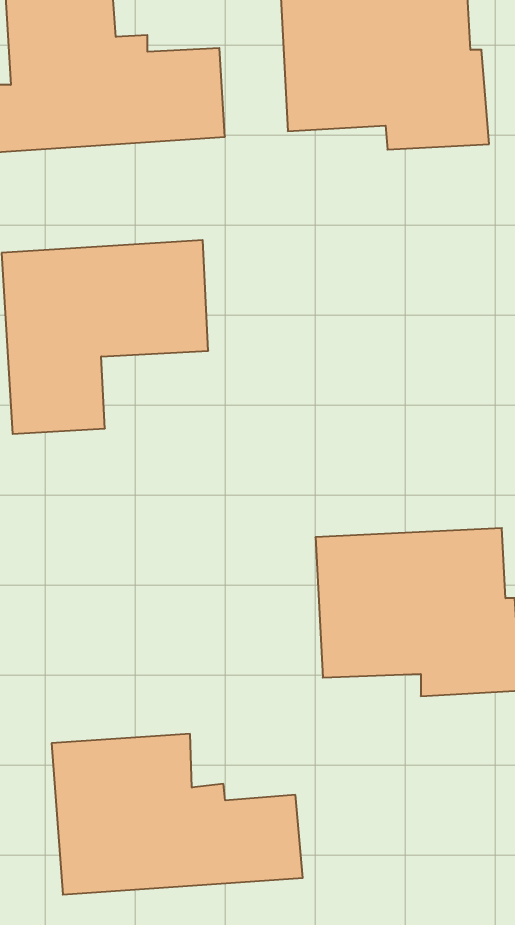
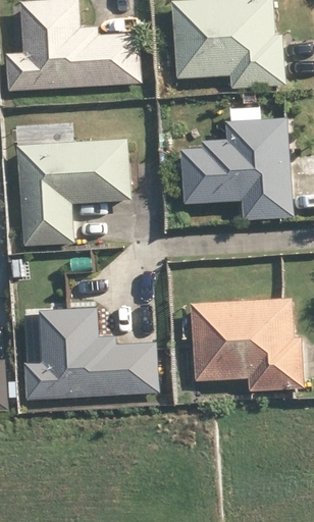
building: none -> [181,119,295,219]
building: [52,734,303,895] -> [22,308,161,397]

